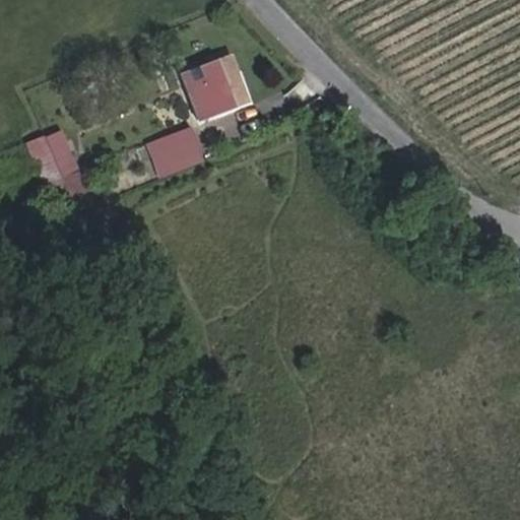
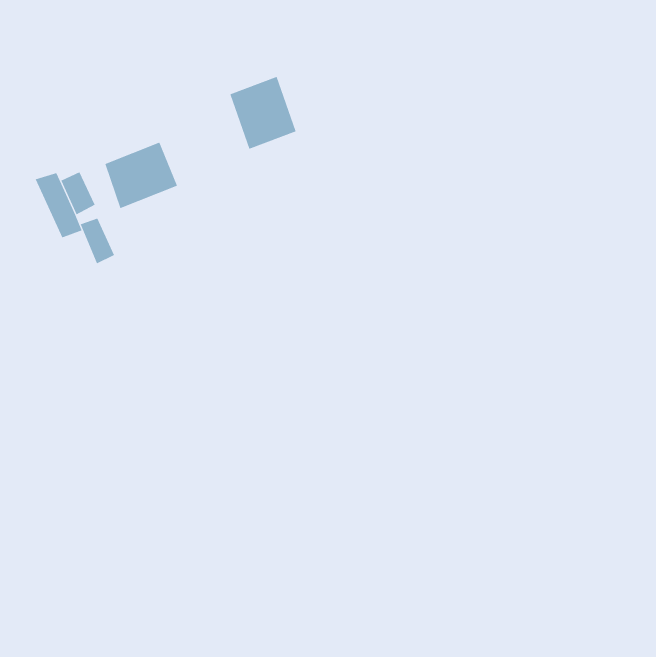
building: [148,125,206,178] -> [104,142,178,209]

